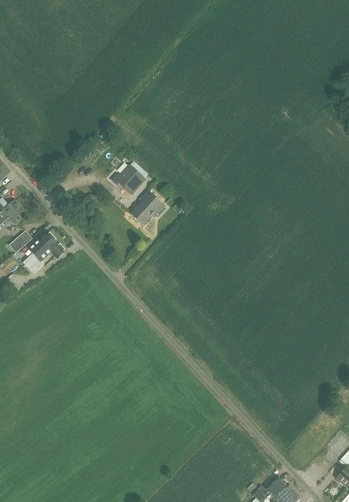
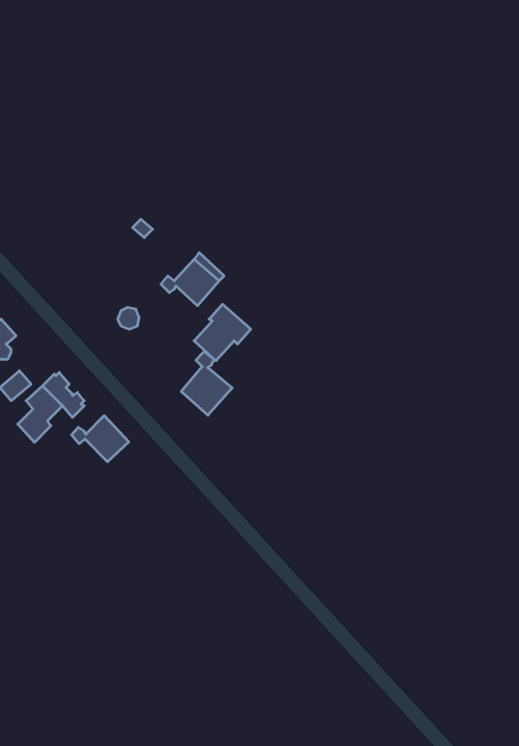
building: none -> [181,352,232,415]
building: none -> [72,416,129,462]

